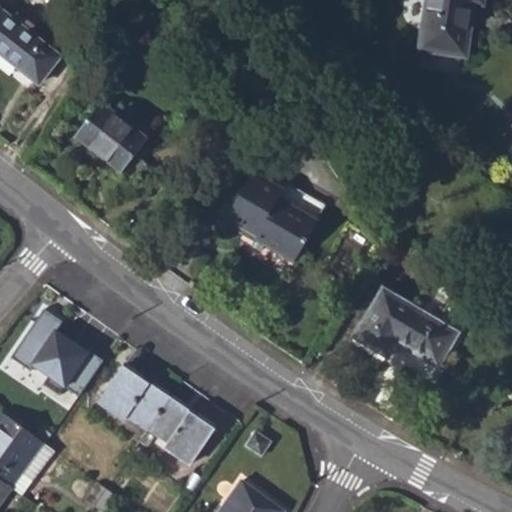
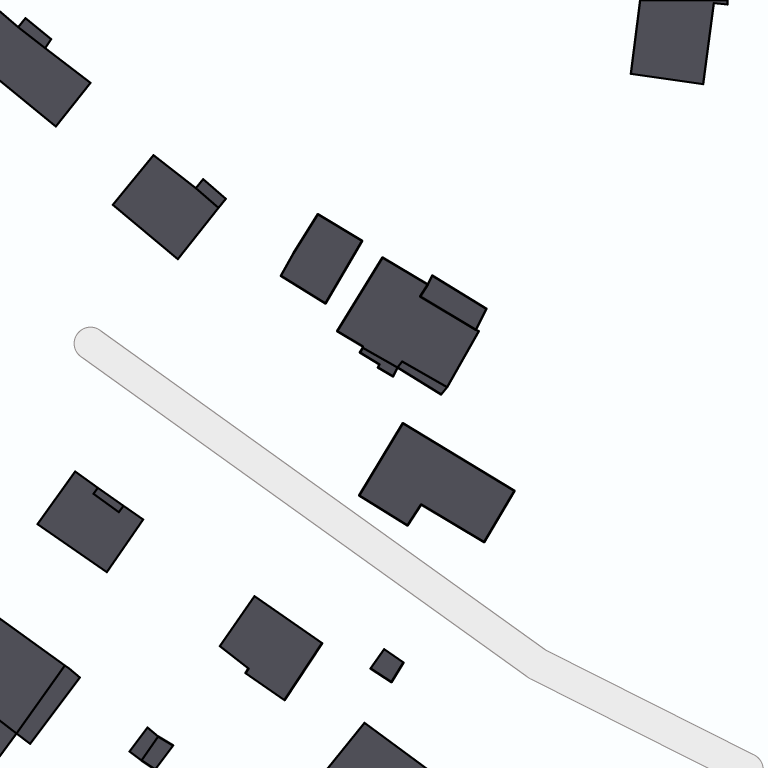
building: none -> [281,214,362,304]
building: [354,288,457,367] -> [359,423,514,542]
building: [98,365,169,430] -> none

